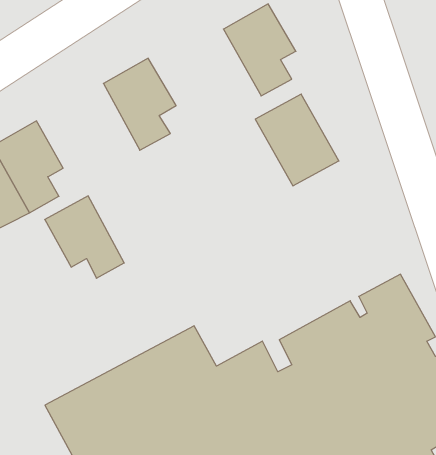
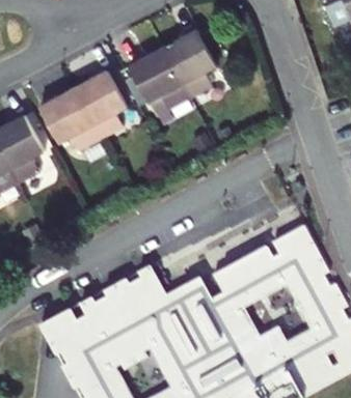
building: [255,94,339,186] -> [135,45,197,113]
building: [45,196,124,278] -> [48,85,107,146]

